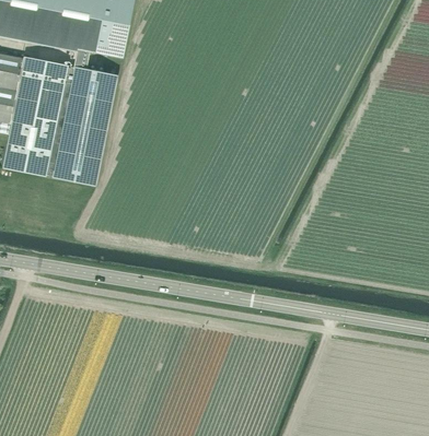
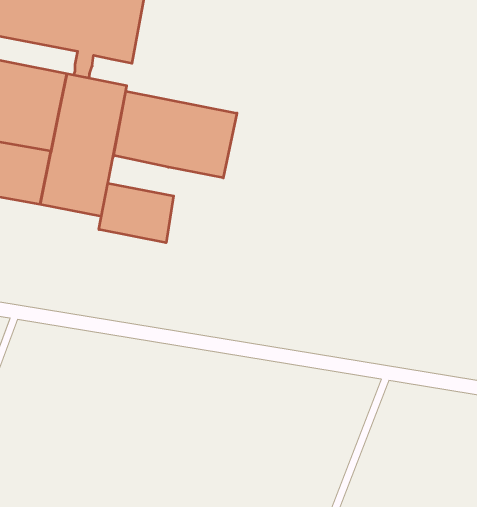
building: none -> [113,91,237,178]
building: none -> [99,183,174,243]

